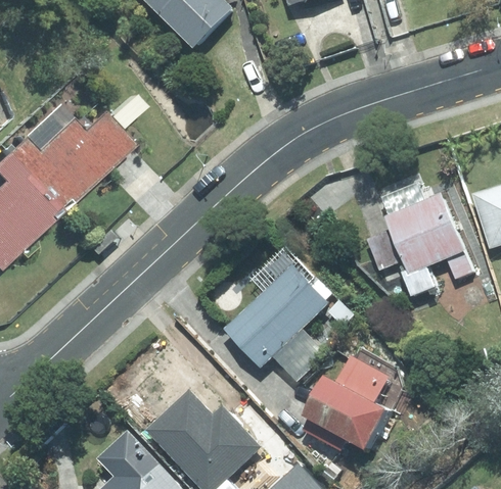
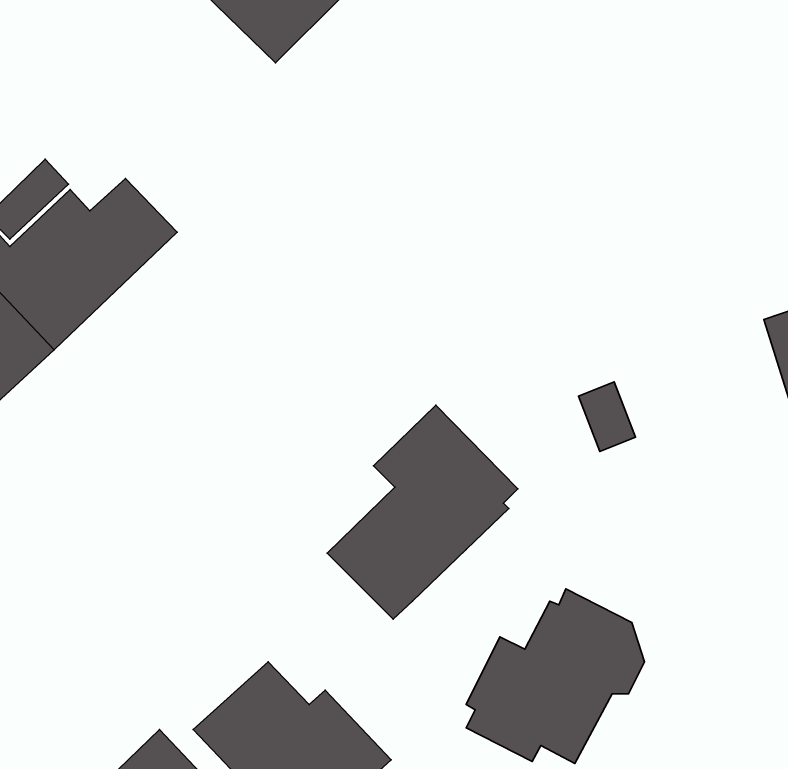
building: [379,179,472,296] -> none
building: [271,327,325,380] -> none

